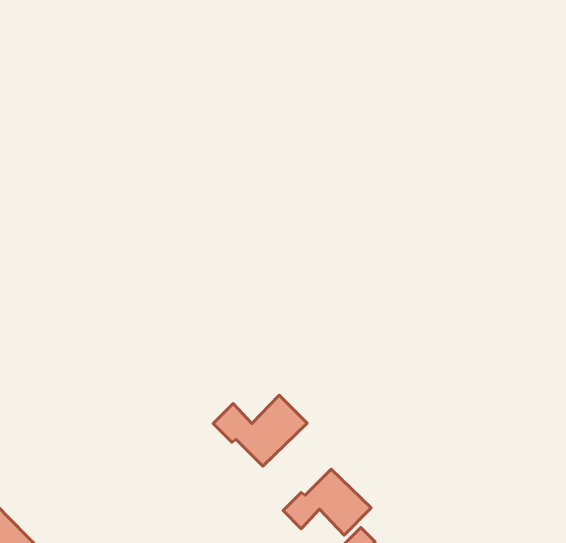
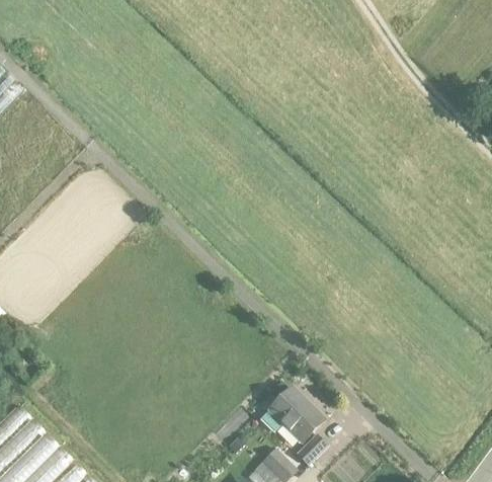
building: [213,395,307,466] -> none

